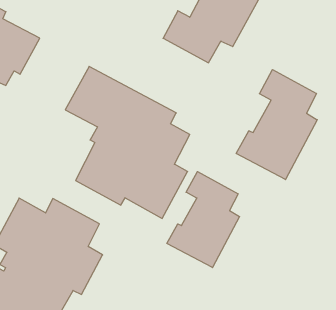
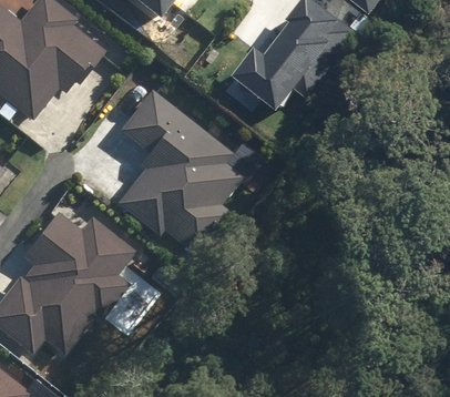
building: [236,70,317,180] -> none
building: [167,172,240,268] -> none

